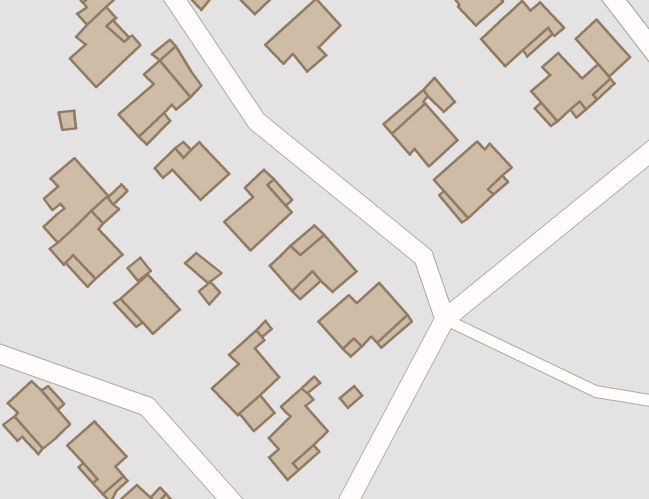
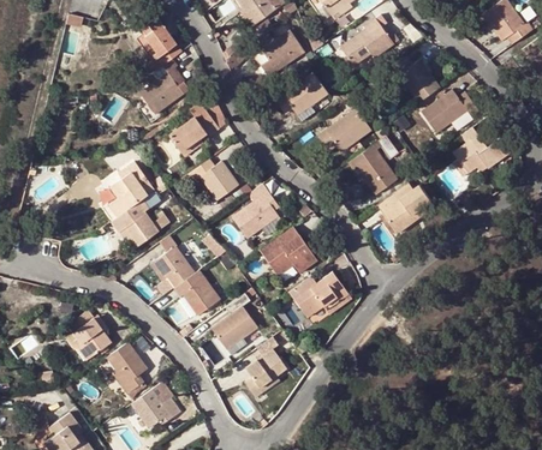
building: [576,20,630,76] -> none
building: none -> [318,108,371,150]
building: none -> [174,270,220,314]

